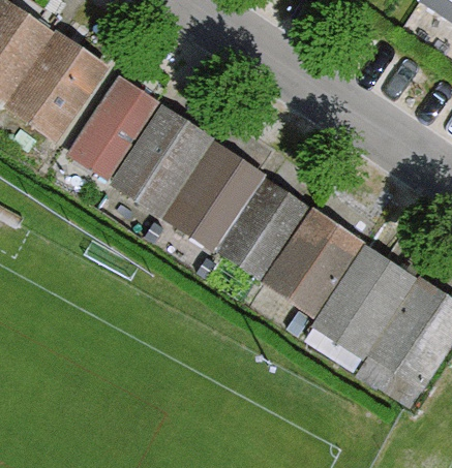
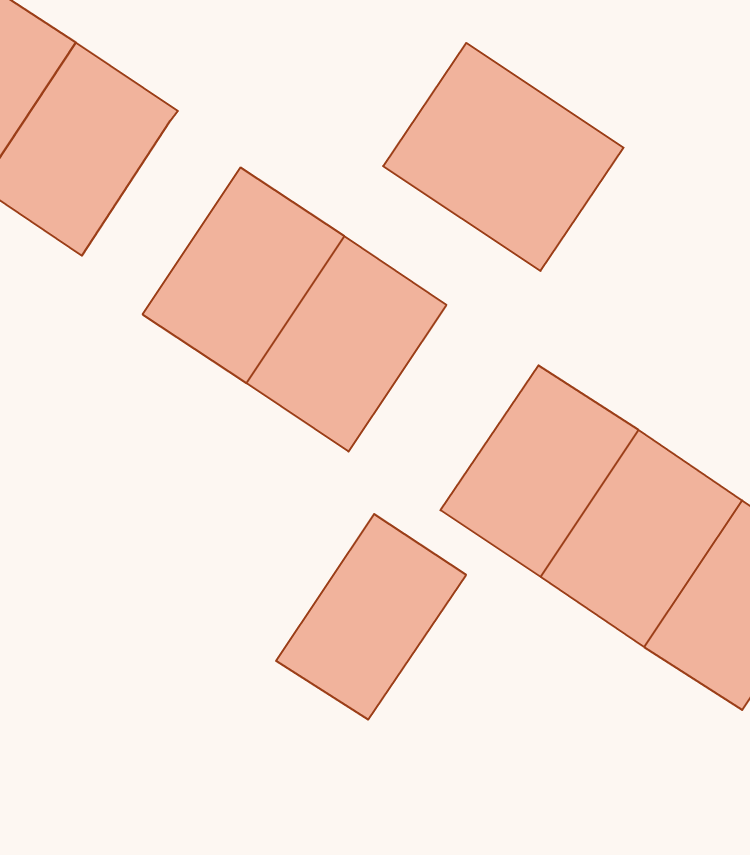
building: none -> [383,43,624,271]
building: [66,79,155,181] -> none
building: [212,176,312,284] -> [276,514,466,720]

